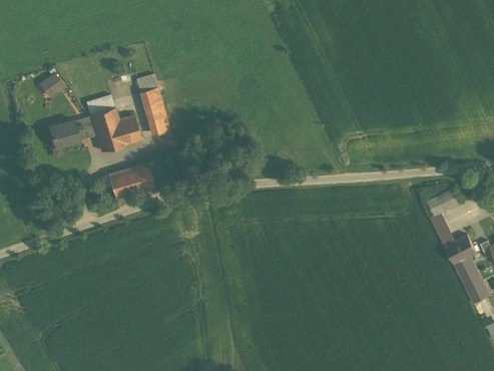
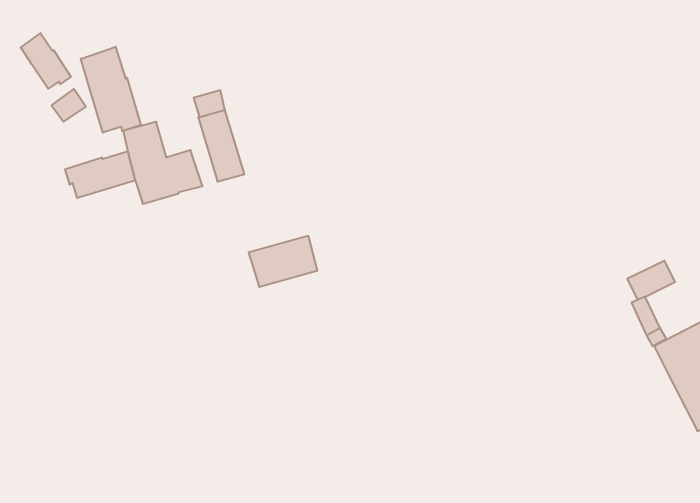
building: none -> [21,33,71,89]
building: none -> [81,47,141,133]
building: [109,163,155,198] -> [249,236,317,287]

